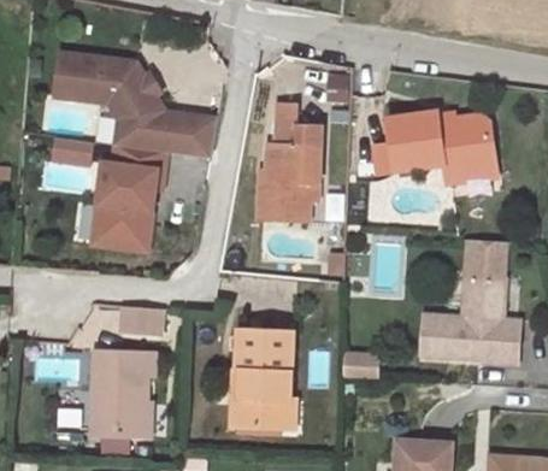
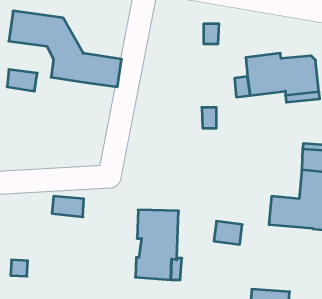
building: [255,102,317,219] -> none
building: [92,146,164,251] -> none
building: [94,346,159,436] -> none

